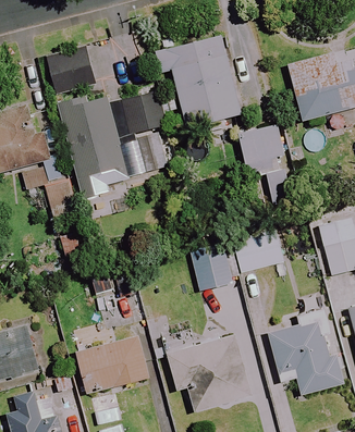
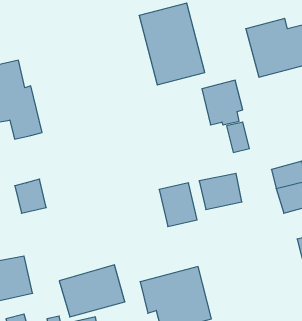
building: [41,45,97,99] -> none
building: [59,90,167,197] -> none
building: [41,178,77,218] -> [15,179,46,213]
building: [267,310,343,394] -> none

